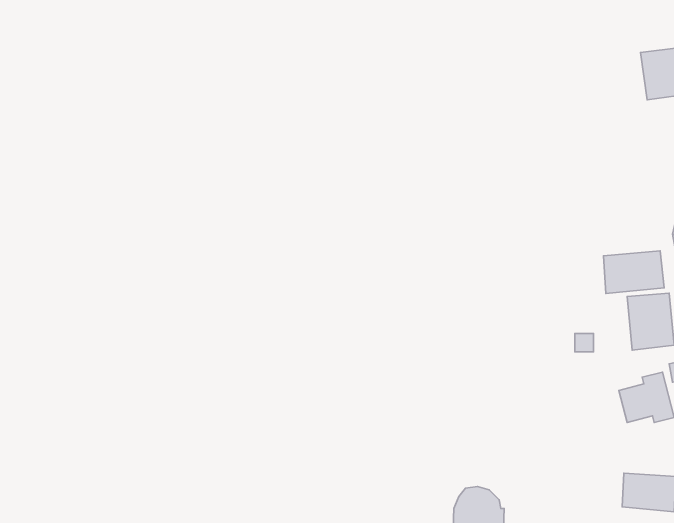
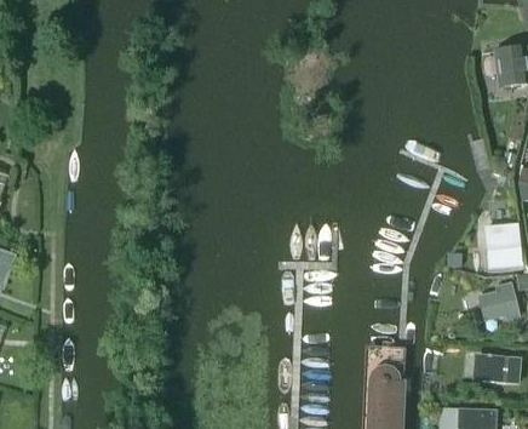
building: [603,251,664,293] -> none

